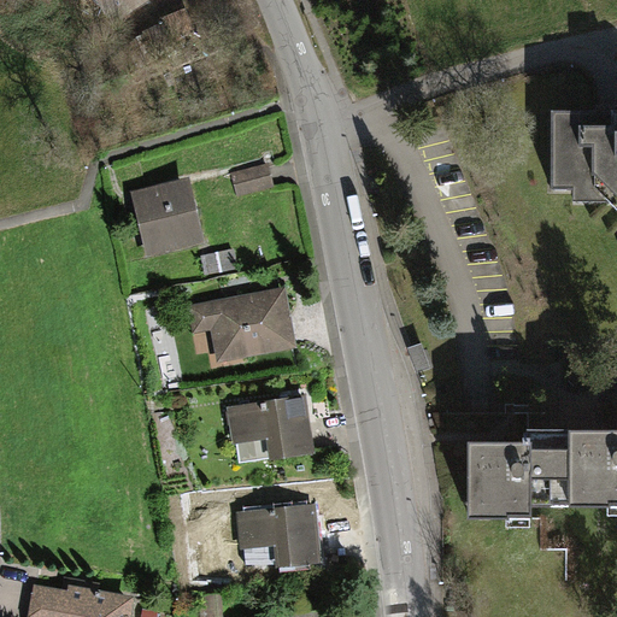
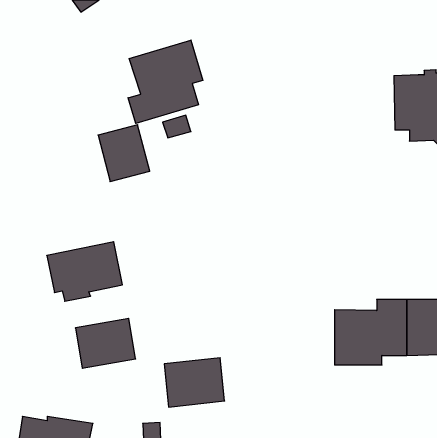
building: none -> [128,40,203,123]
building: [186,288,292,371] -> [47,242,122,301]
building: [227,395,311,465] -> [75,318,136,368]

